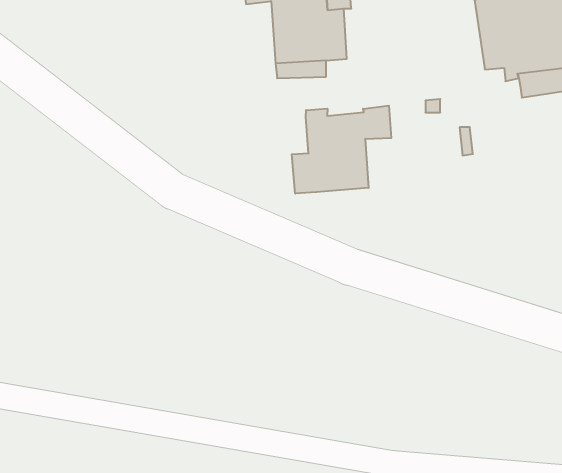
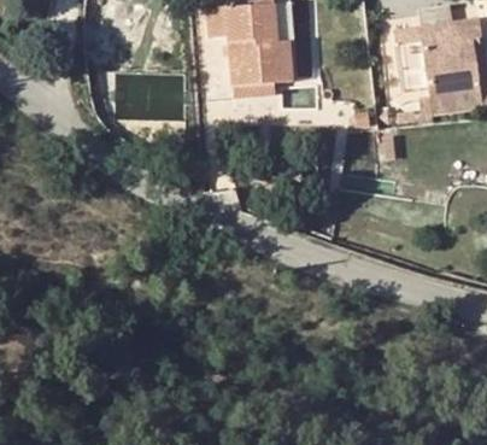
building: [292,106,391,194] -> none

